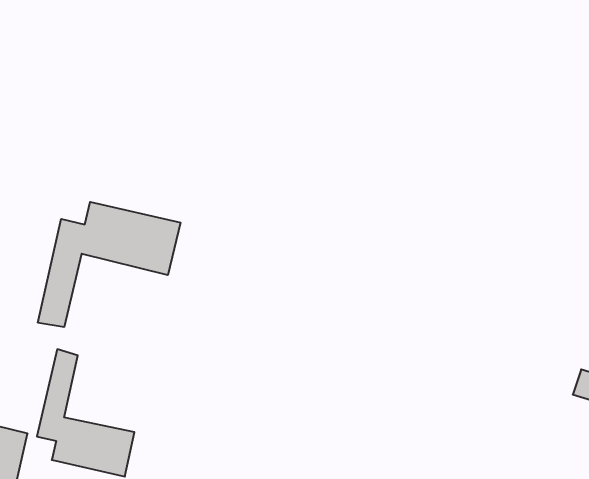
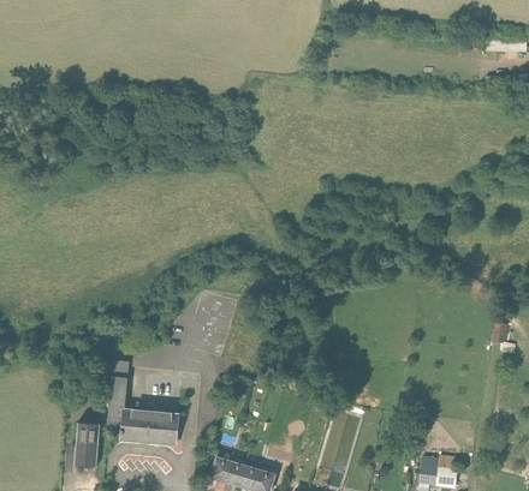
building: [38,202,181,327] -> none

